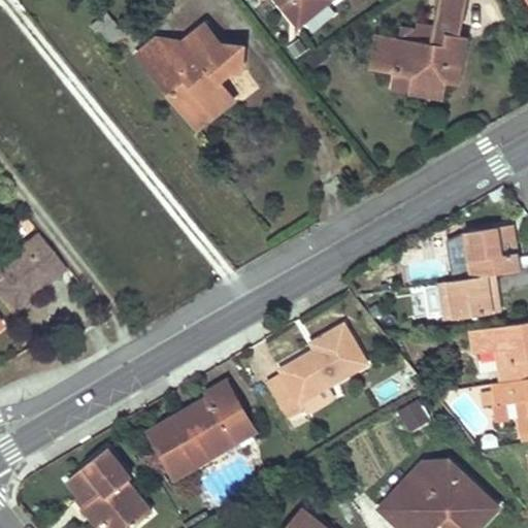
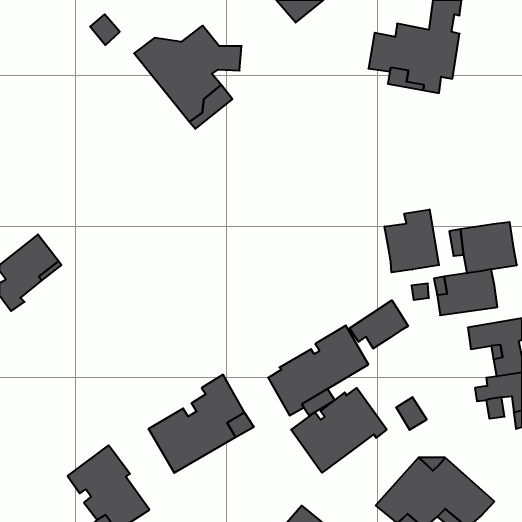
building: none -> [385,209,439,272]
building: none -> [350,300,408,349]
building: none -> [291,388,387,473]

